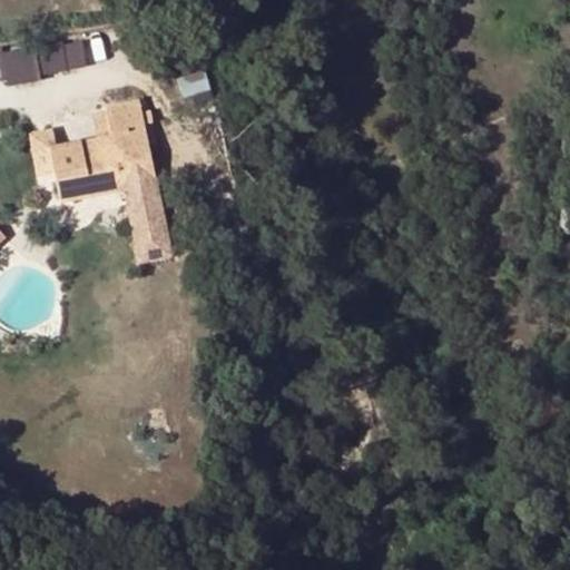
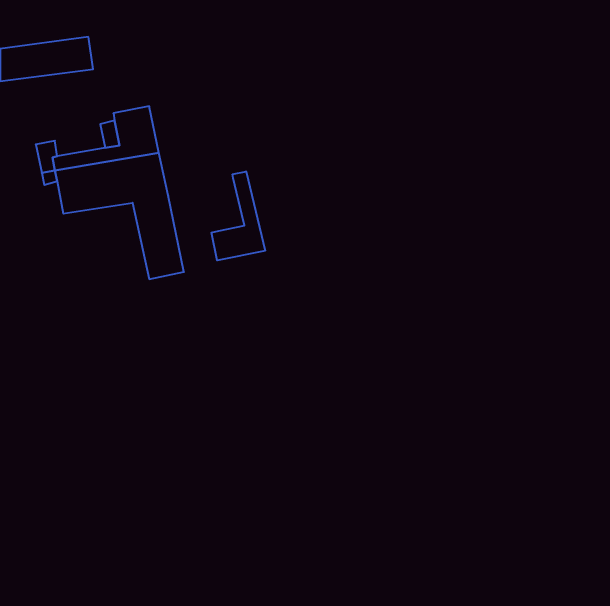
building: none -> [211,171,265,260]

